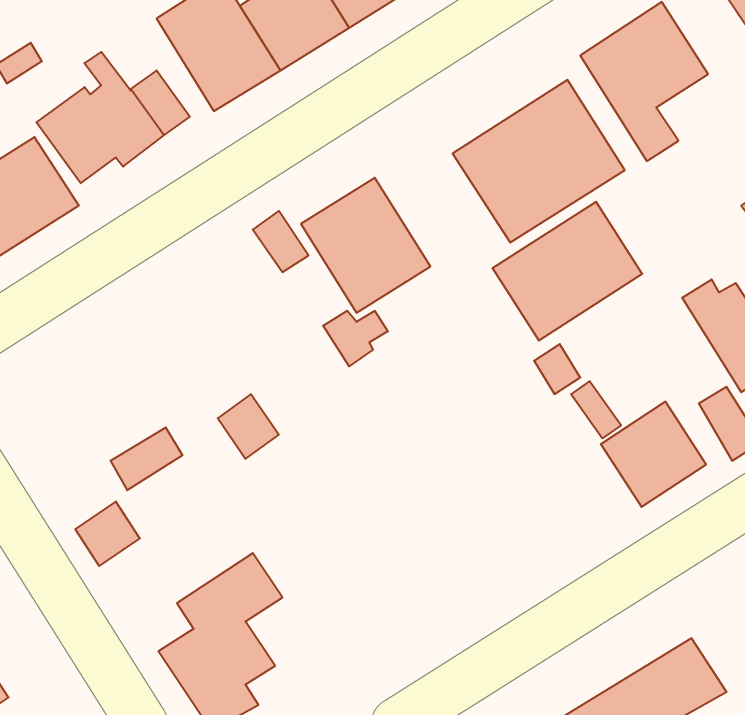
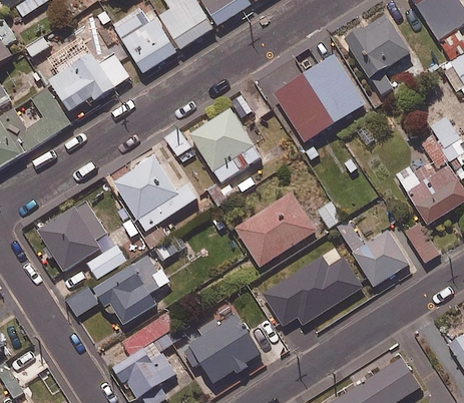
building: [492,202,642,340] -> [235,191,316,267]
building: none -> [113,155,195,231]
building: none -> [37,200,106,272]
building: none -> [94,254,165,328]
building: none -> [262,255,362,324]
building: none -> [181,314,262,385]

